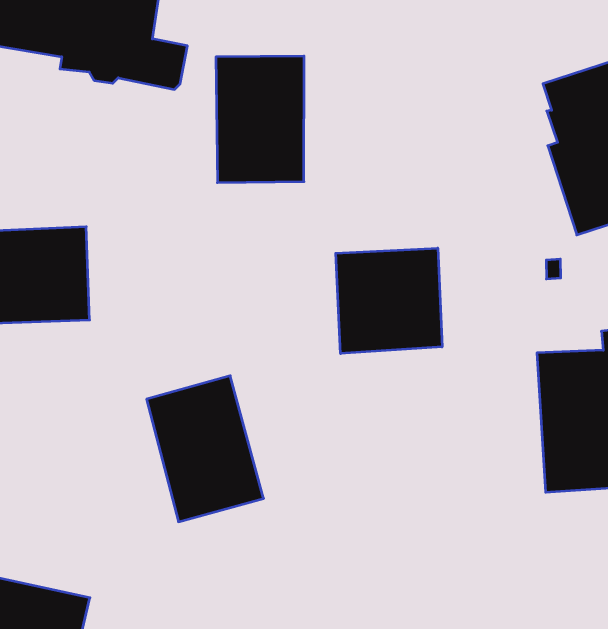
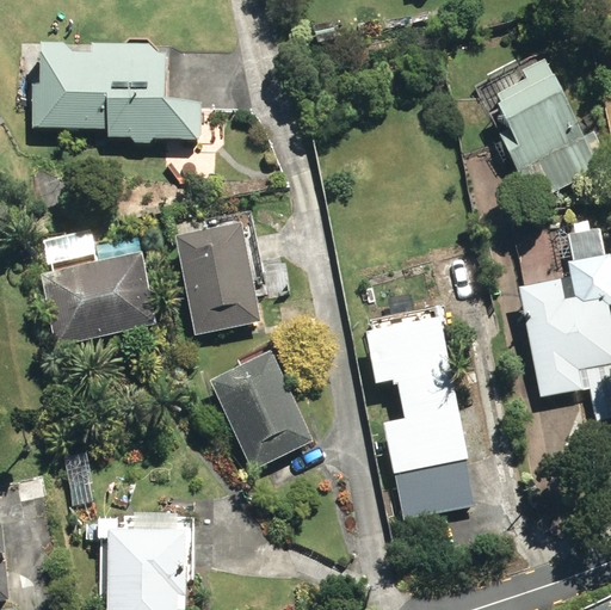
building: [216,56,304,183] -> [179,222,260,328]
building: [336,248,442,354] -> none
building: none -> [369,319,471,517]

